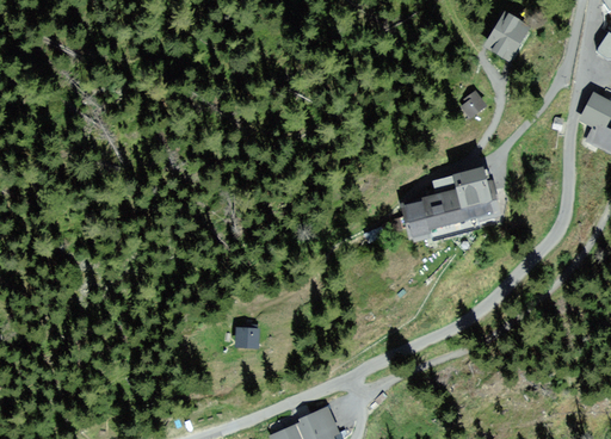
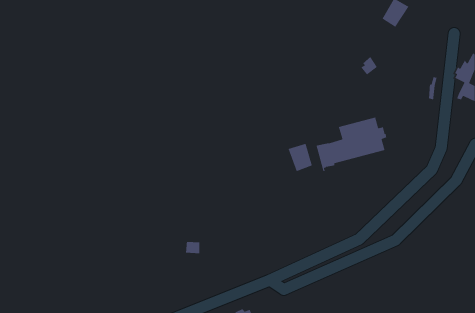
building: none -> [288,143,313,172]

